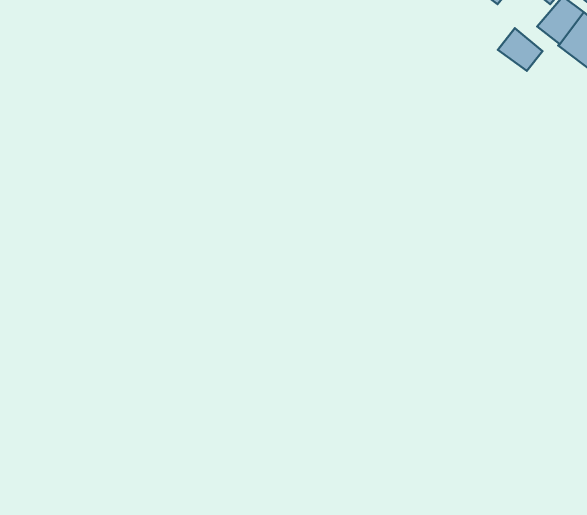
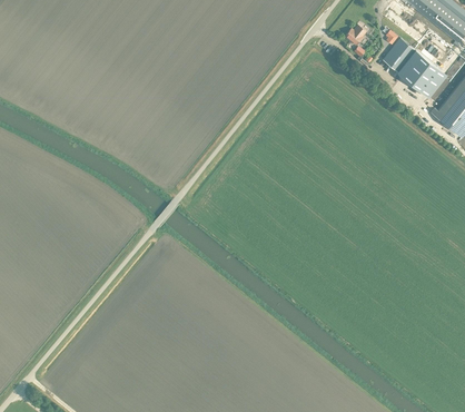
building: [498,28,542,71] -> none

